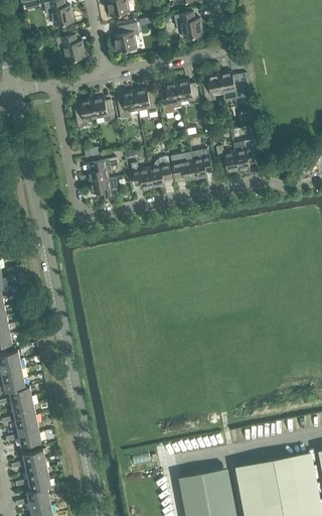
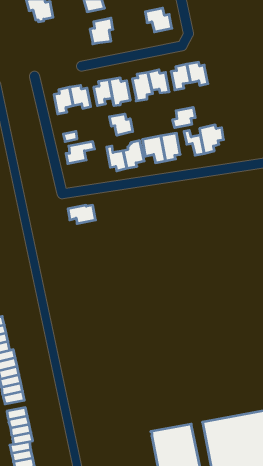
building: [55,35,85,63] -> none
building: none -> [173,107,195,128]
building: none -> [109,114,133,135]
building: [89,179,119,200] -> [68,205,96,224]

